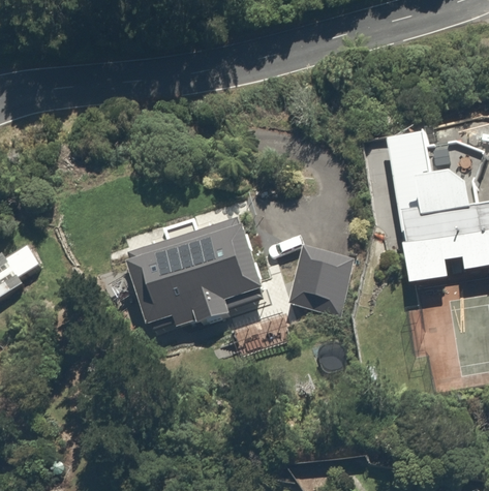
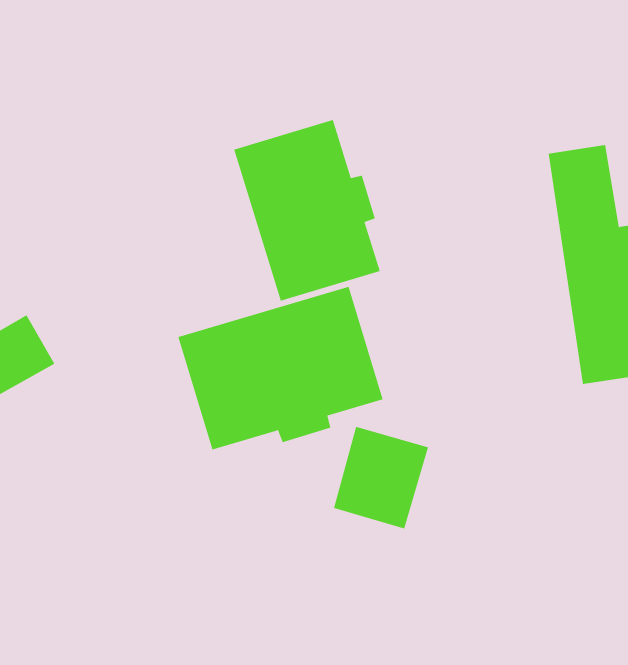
building: none -> [233,119,380,301]
building: [284,244,350,315] -> [333,426,429,529]

